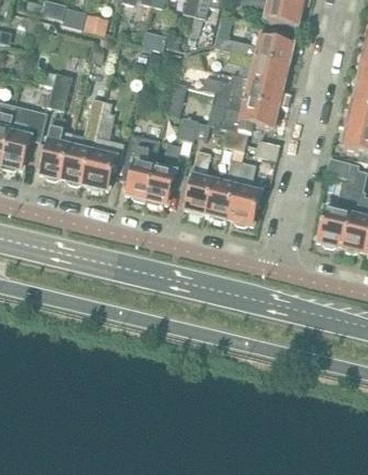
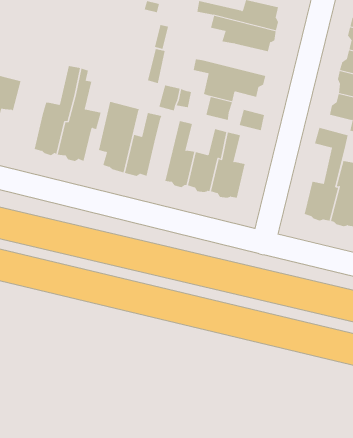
building: [47,72,72,110] -> none
building: [202,73,282,108] -> none
building: [39,114,71,178] -> none

